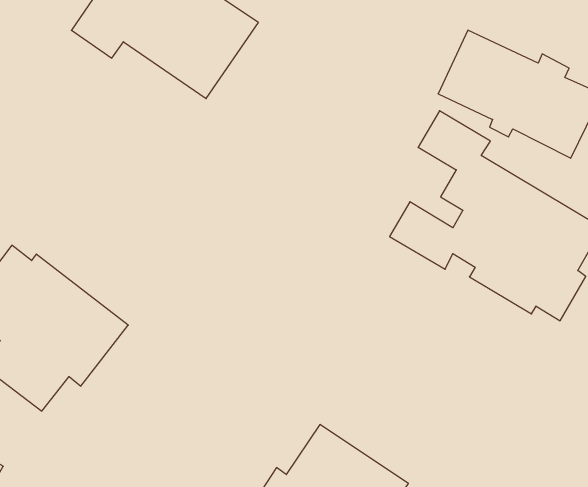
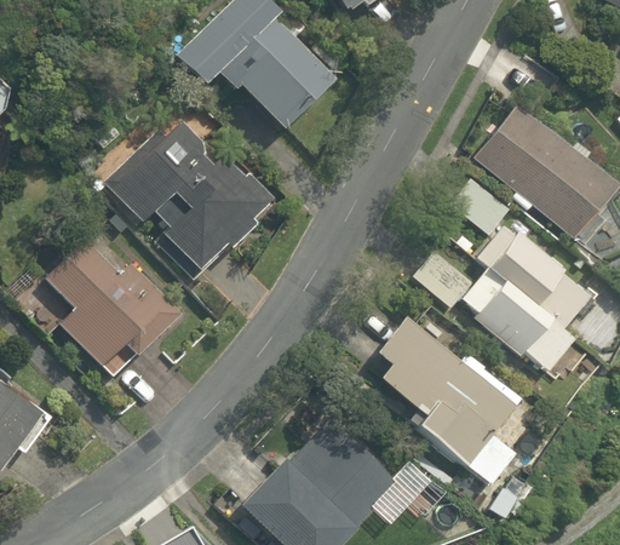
building: none -> [110,115,269,272]
building: none -> [373,317,526,488]

